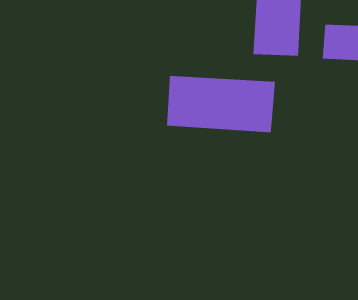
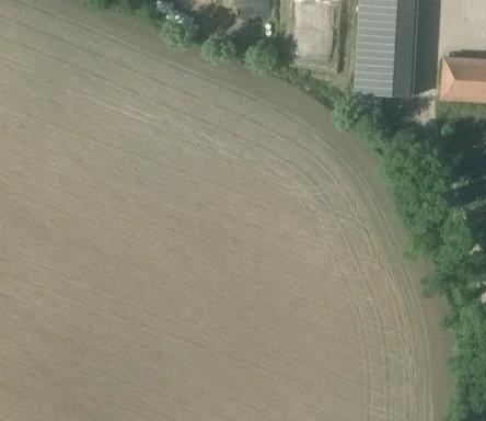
building: [167,75,275,133] -> none

